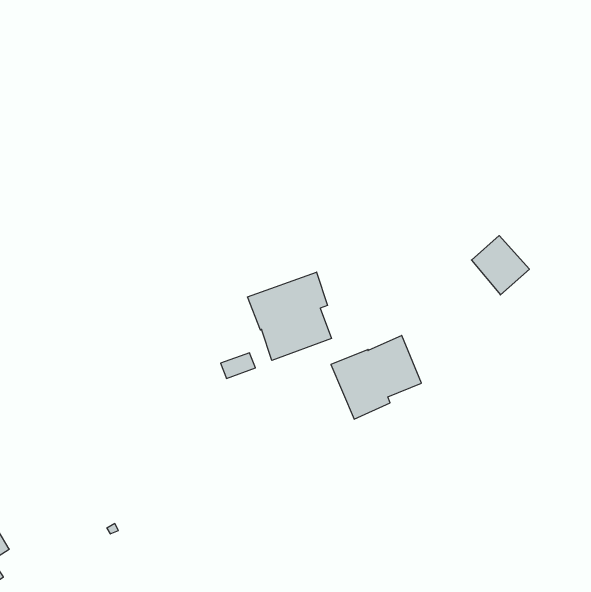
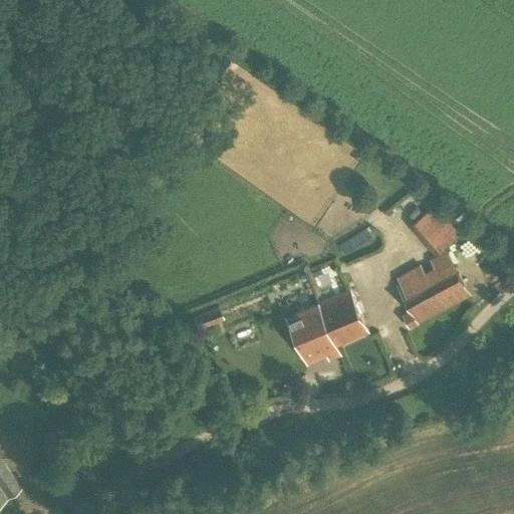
building: [248,272,332,360] -> none
building: none -> [395,262,470,329]

